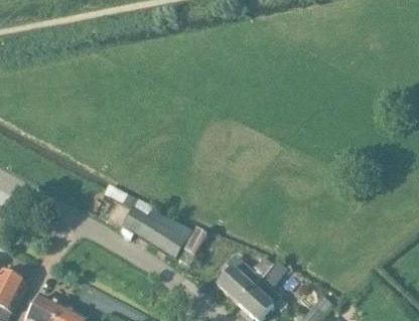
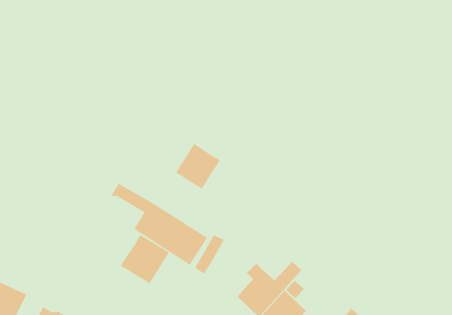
building: none -> [176,143,220,190]
building: none -> [120,234,170,284]

